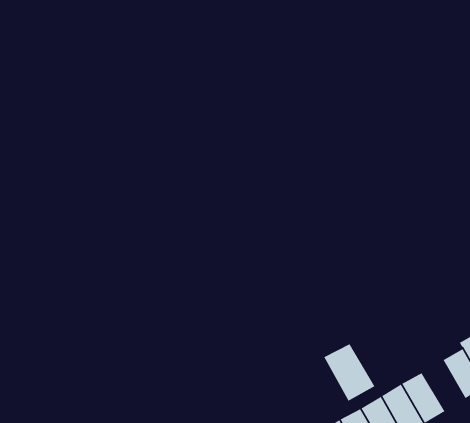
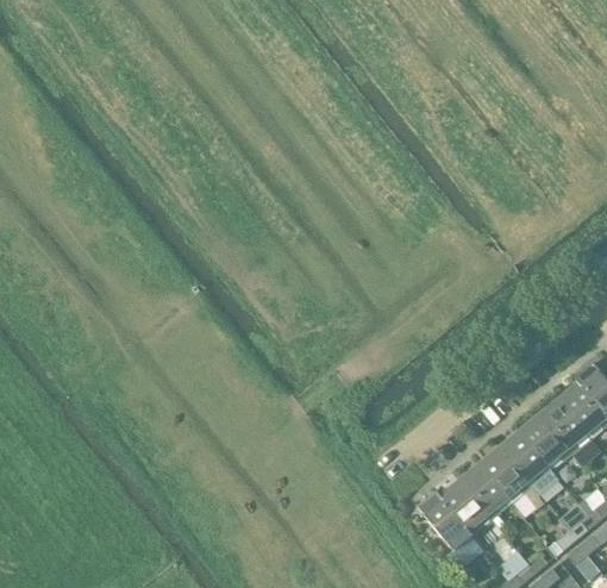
building: [323,343,375,402] -> none
building: none -> [539,398,590,452]

